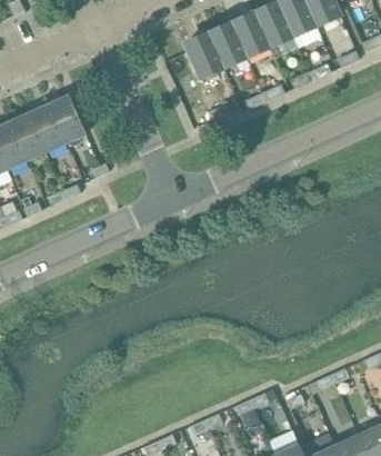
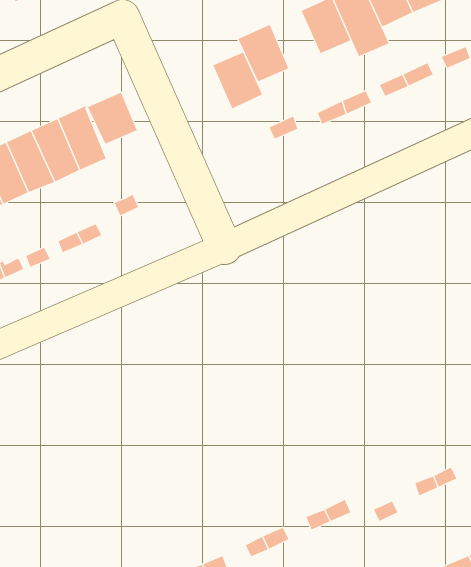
building: [208,23,245,67] -> [213,52,263,109]
building: none -> [87,92,138,144]

